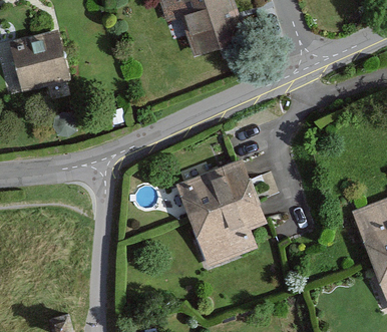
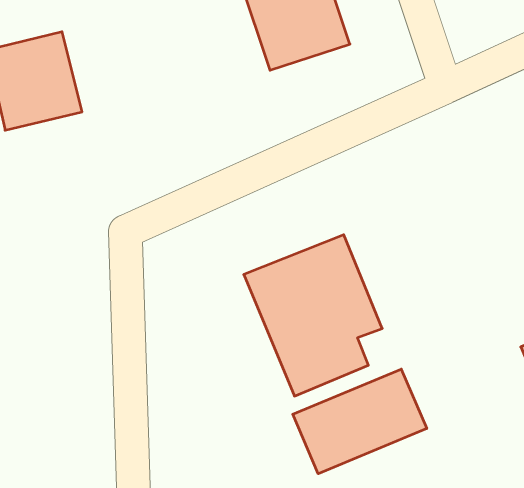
building: none -> [293,369,427,474]

